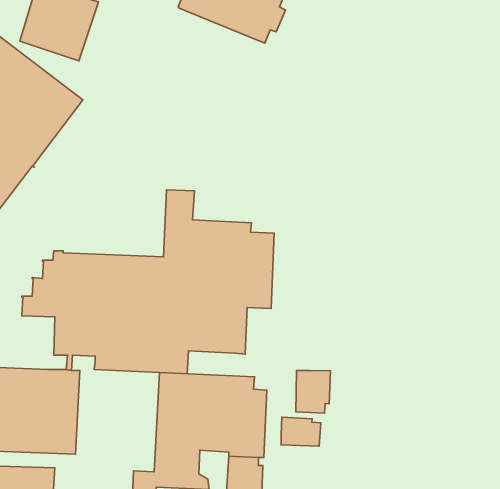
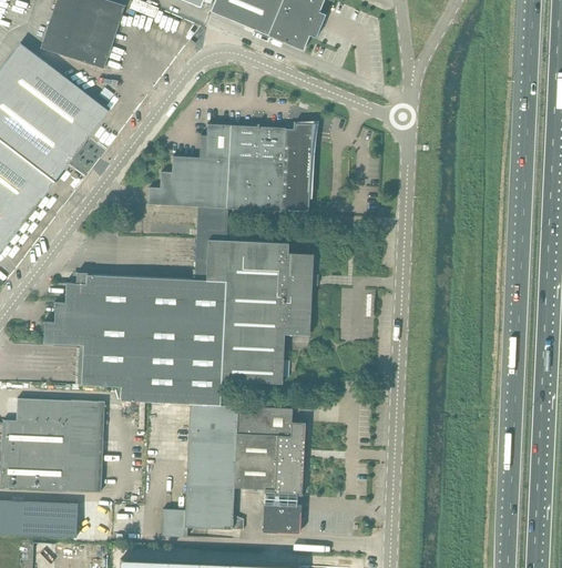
building: none -> [149,123,314,214]
building: [296,370,330,413] -> none
building: [281,417,321,446] -> none

